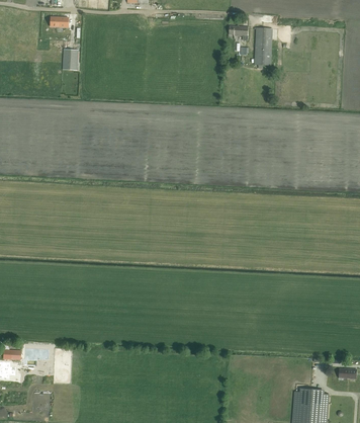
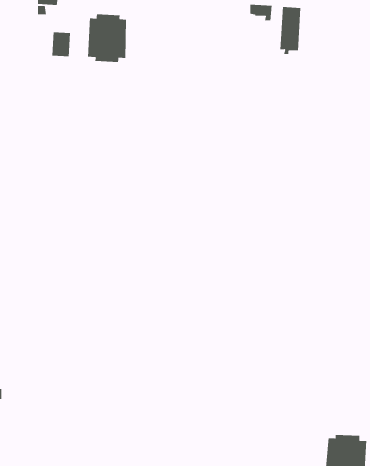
building: none -> [87,13,127,63]

